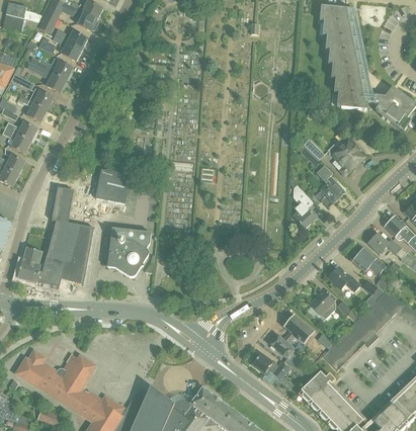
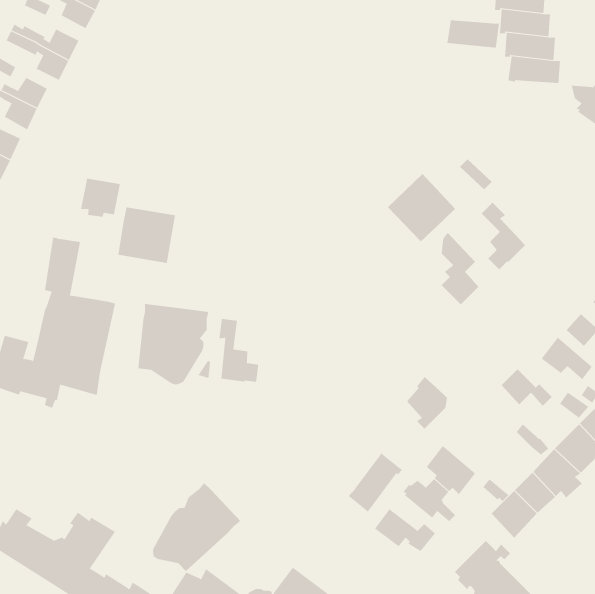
building: [335,91,367,108] -> [447,20,500,48]
building: [327,134,365,174] -> none
building: none -> [387,173,456,242]
building: none -> [81,178,121,218]
building: none -> [219,318,259,382]
building: [310,288,335,321] -> [406,376,448,429]
building: none -> [348,452,403,512]
building: none -> [153,482,241,572]

